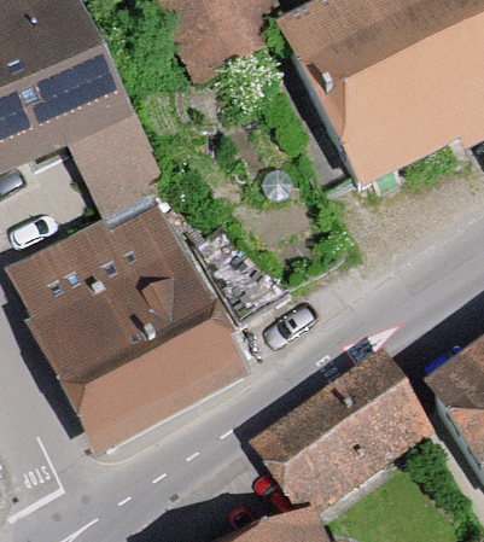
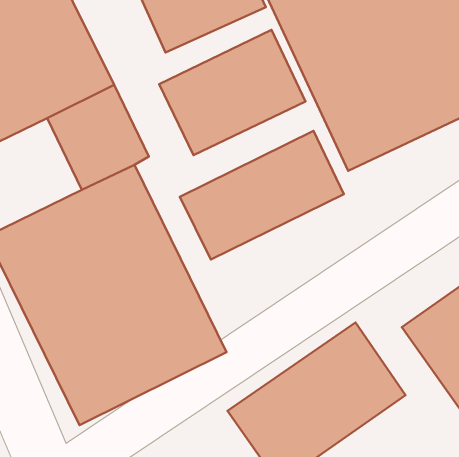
building: none -> [159,30,306,155]
building: none -> [180,131,344,259]

